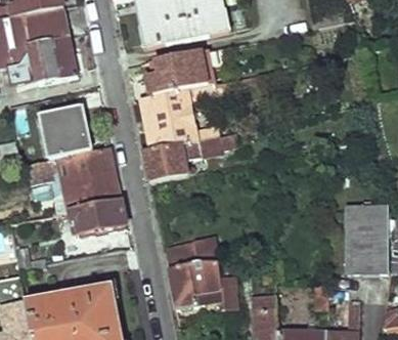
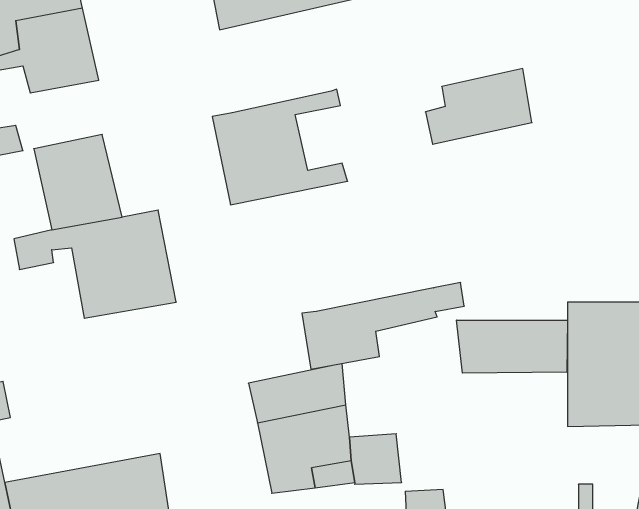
building: [148,51,209,94] -> [425,69,532,144]
building: [143,130,235,179] -> [302,283,464,369]
building: [69,202,126,233] -> none
building: none -> [457,320,568,373]

